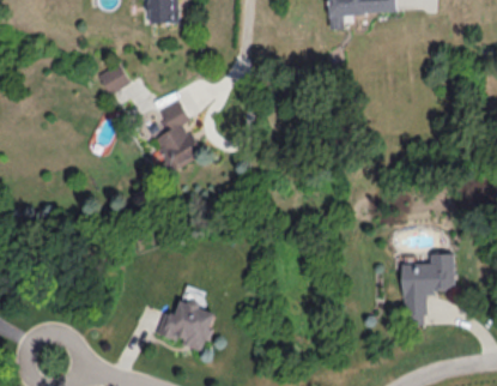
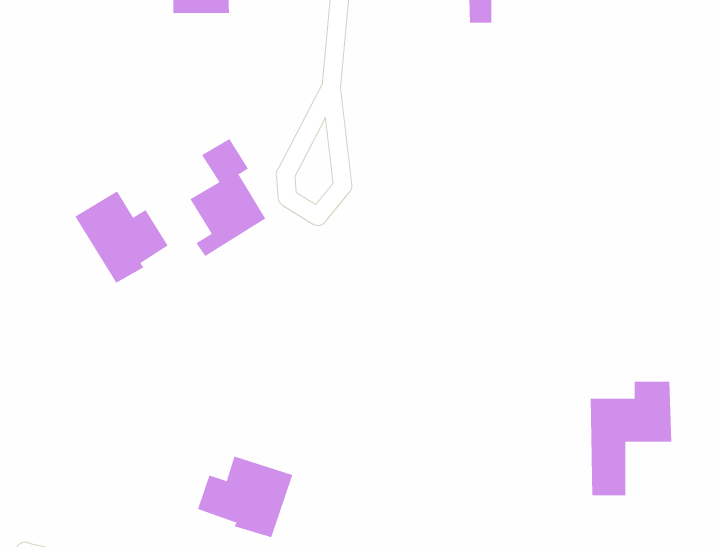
building: [97,62,131,95] -> none
building: none -> [74,190,168,283]

